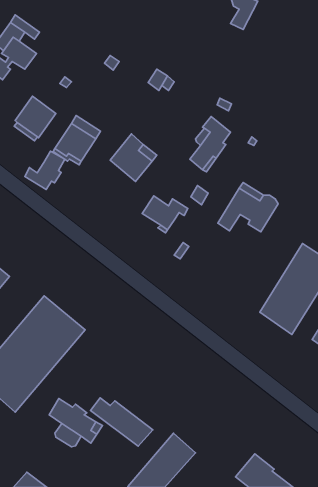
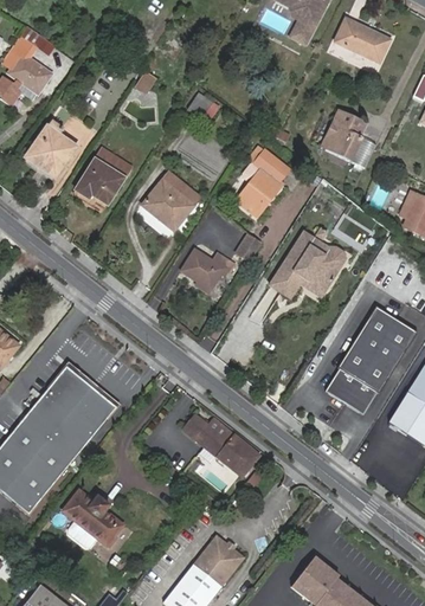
building: none -> [336,18,391,62]
building: none -> [324,108,368,159]
building: [25,151,65,189] -> none
building: none -> [270,269,326,297]
building: [91,398,153,446] -> [183,414,259,473]

